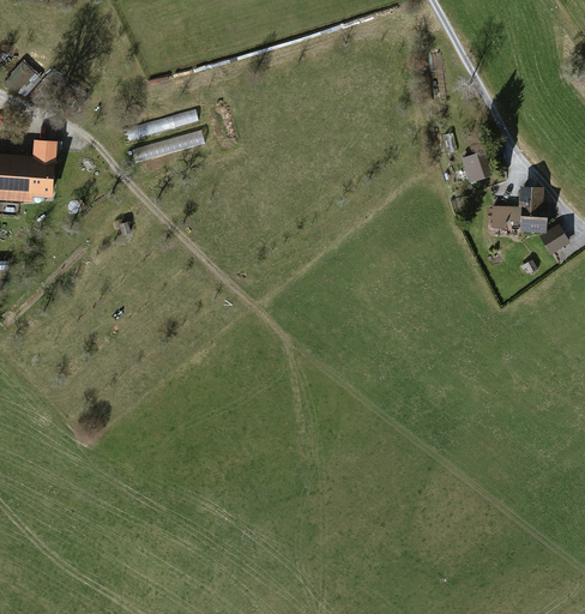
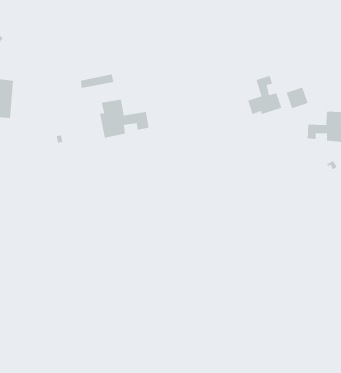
building: none -> [248,75,282,115]
building: none -> [100,99,149,139]

